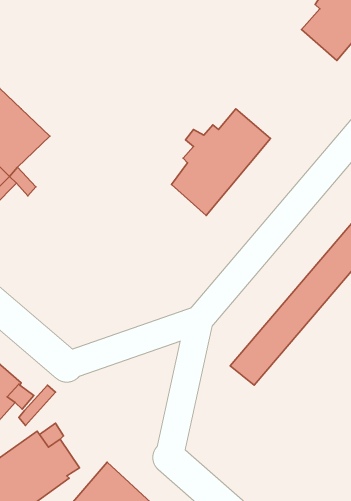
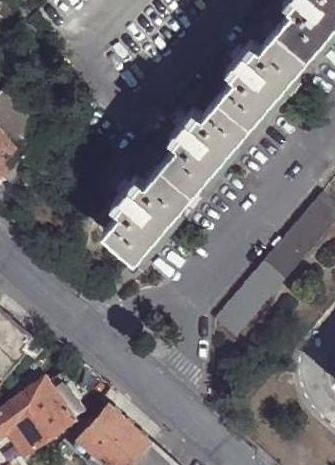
building: none -> [220,28,308,123]
building: none -> [106,163,194,258]

